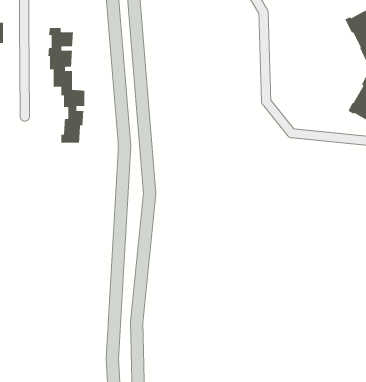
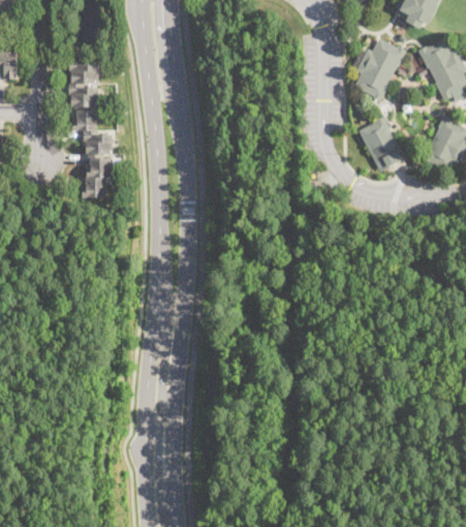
building: none -> [354,38,405,101]
building: none -> [359,116,405,172]

